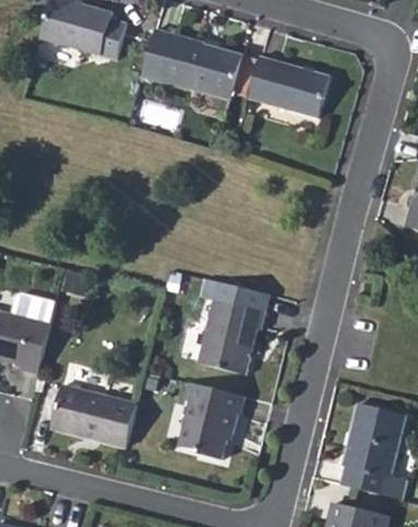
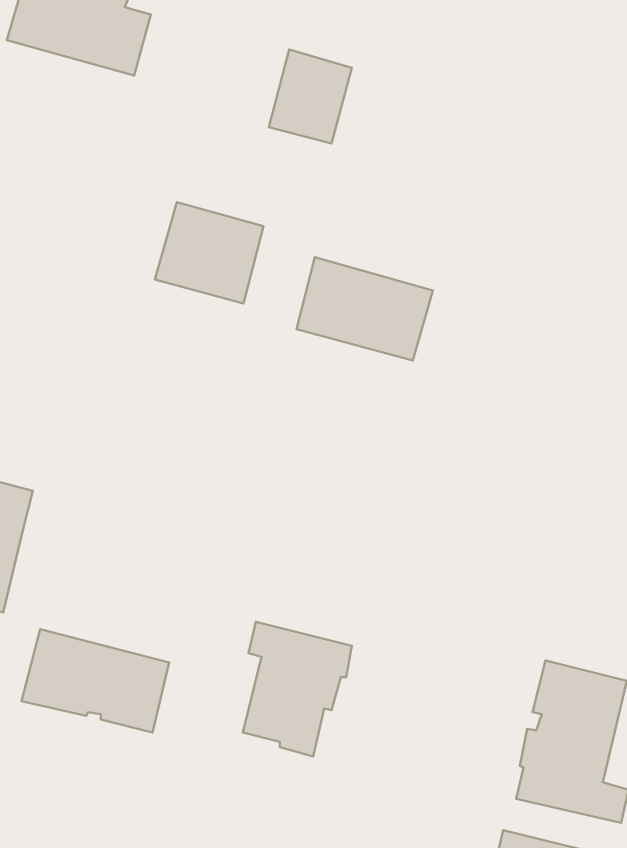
building: [142,30,206,90] -> [155,202,264,304]
building: [249,57,329,117] -> [296,257,433,361]
building: [199,279,270,376] -> none

